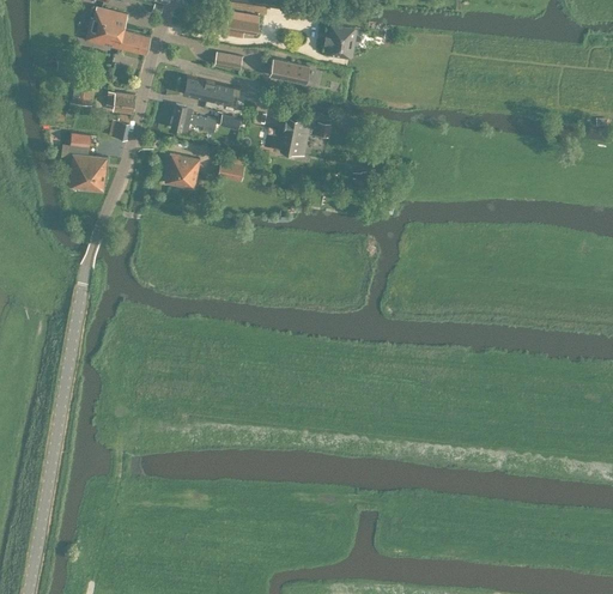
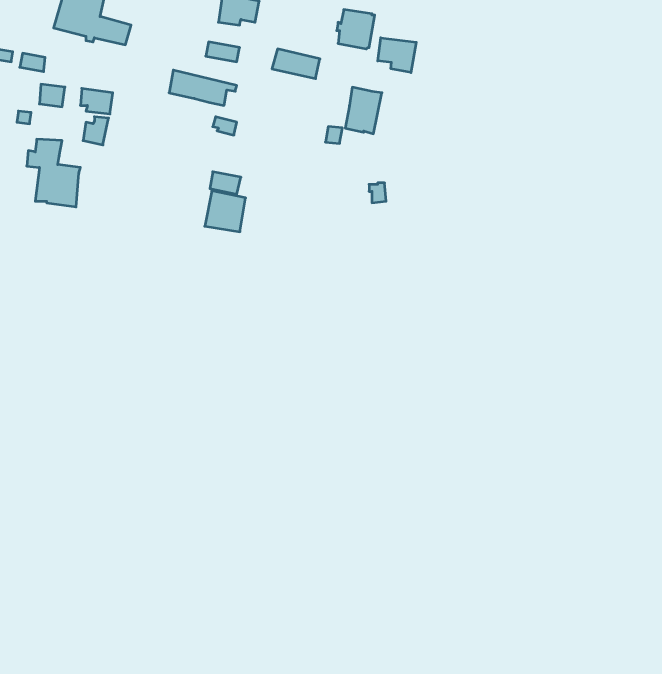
building: none -> [378,38,416,73]
building: [171,104,217,133] -> none
building: [280,116,311,156] -> [345,87,382,134]
building: [165,152,200,187] -> [205,191,246,232]

